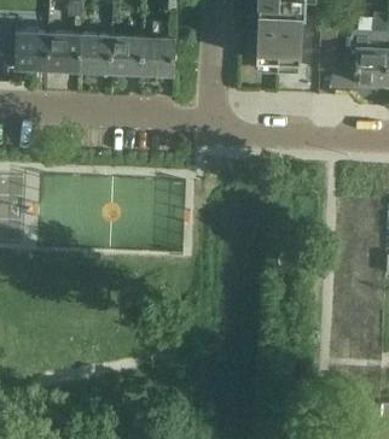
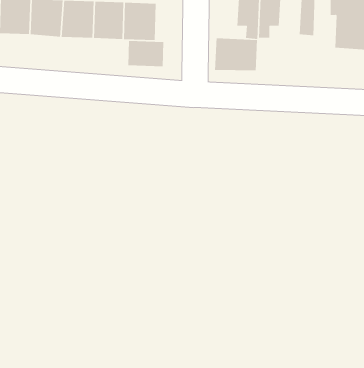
building: none -> [215,37,257,71]
building: none -> [128,40,164,67]

